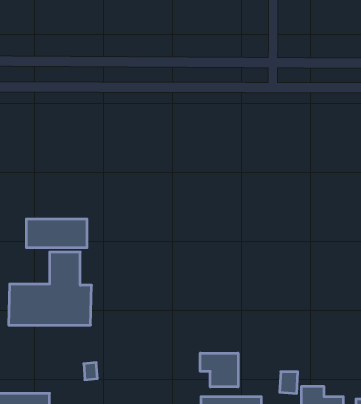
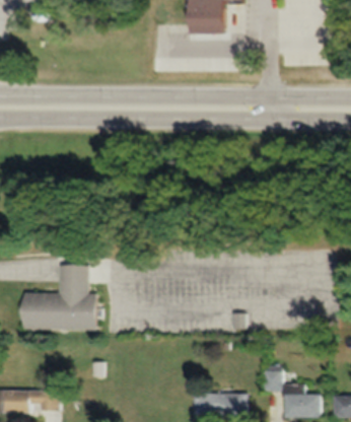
building: [26,219,87,248] -> none
building: [200,353,238,387] -> none

